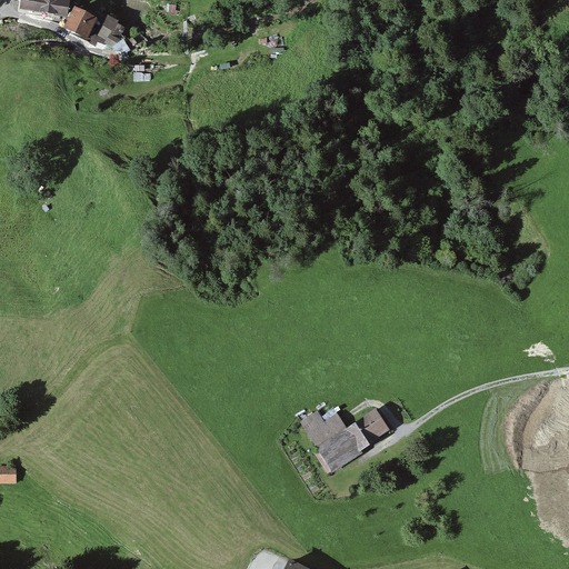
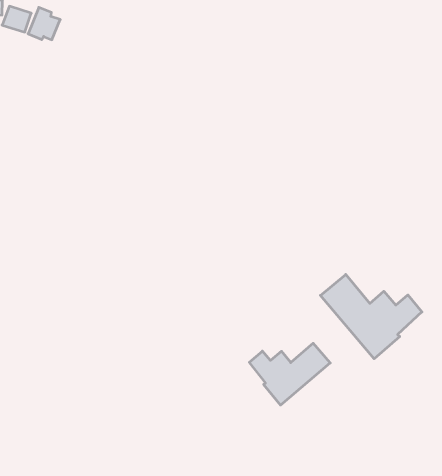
building: none -> [320,274,422,359]

